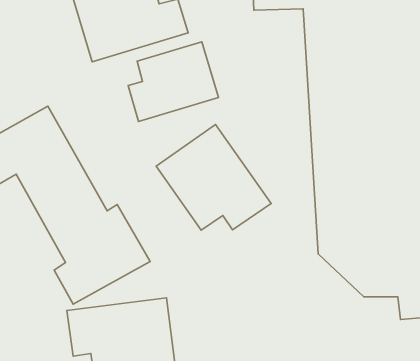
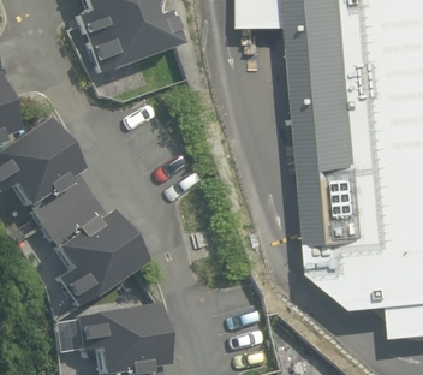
building: [128,42,219,121] -> none
building: [156,124,271,230] -> none

